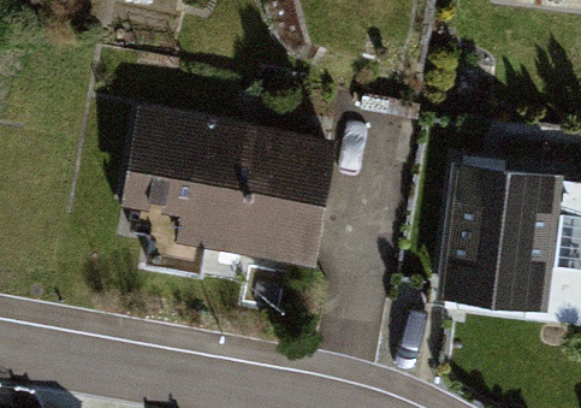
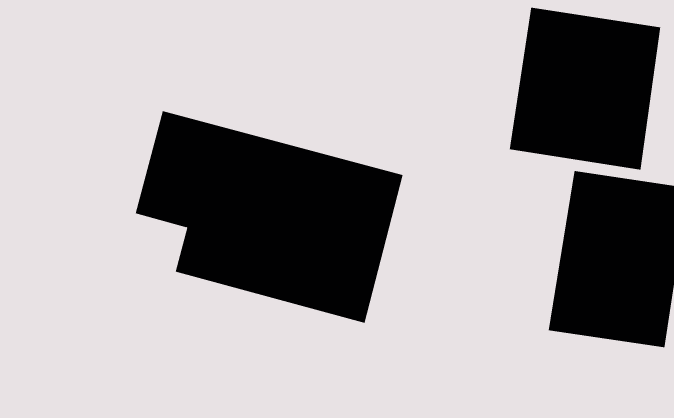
building: none -> [509,7,661,170]

